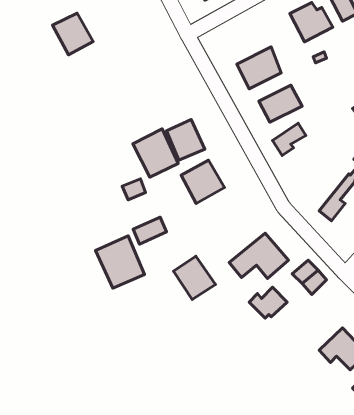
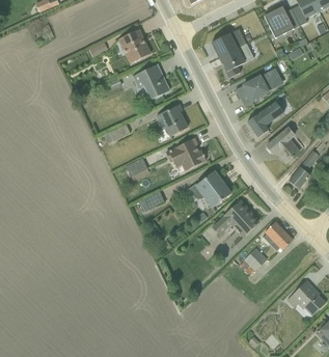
building: [52,13,93,55] -> [118,28,153,63]
building: none -> [209,27,246,56]
building: [133,129,178,177] -> [133,62,171,103]
building: none -> [267,127,302,163]
building: [95,236,145,288] -> none
building: [174,256,216,299] -> [198,170,234,207]

